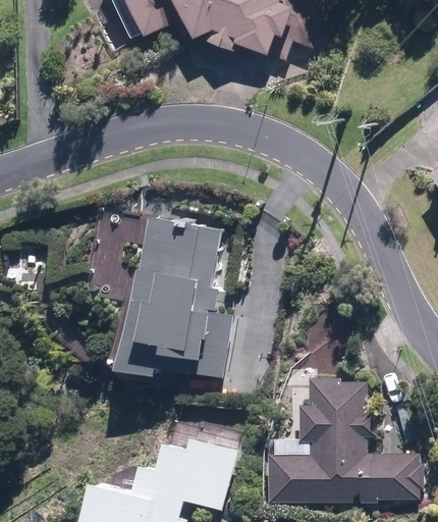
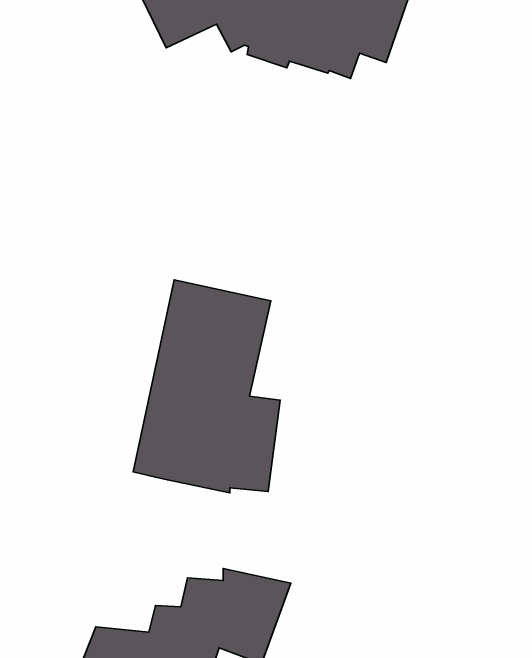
building: [265,374,417,500] -> none

